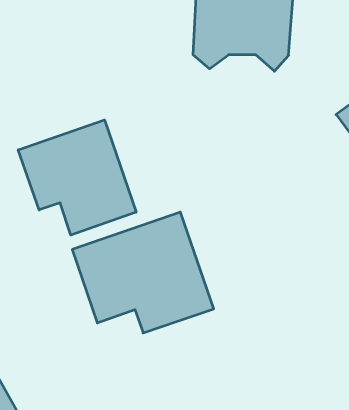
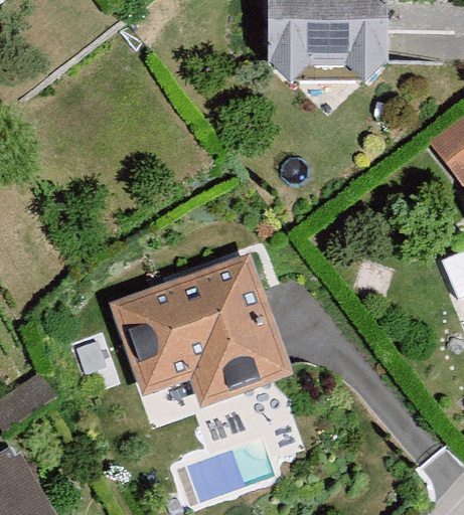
building: [18,120,136,235] -> none

